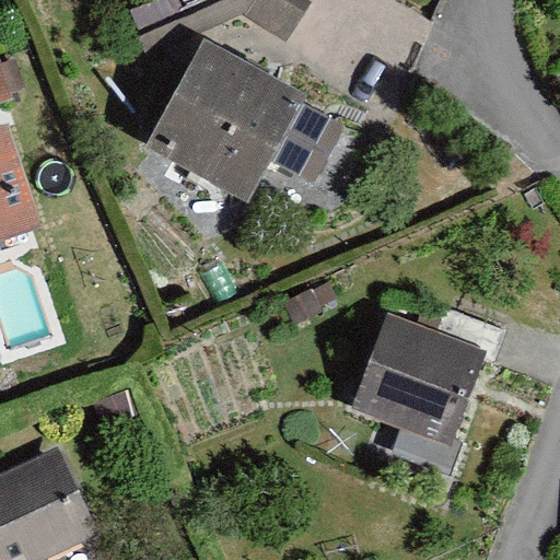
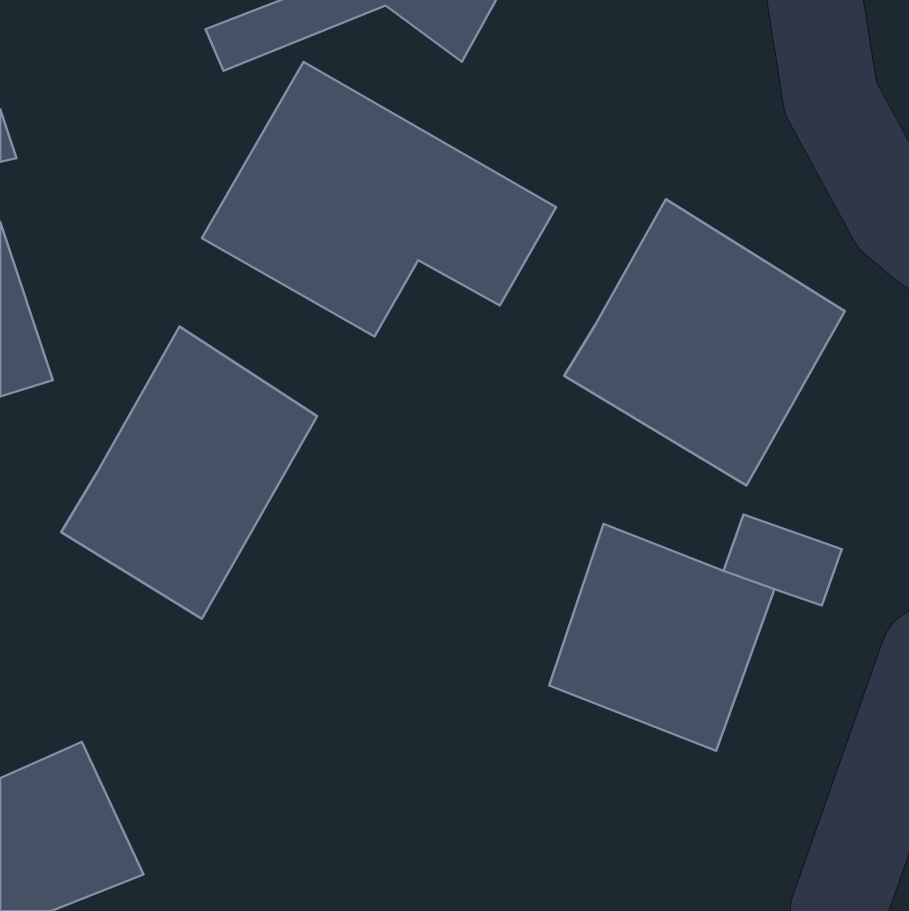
building: none -> [564,199,845,485]
building: none -> [61,327,317,619]

